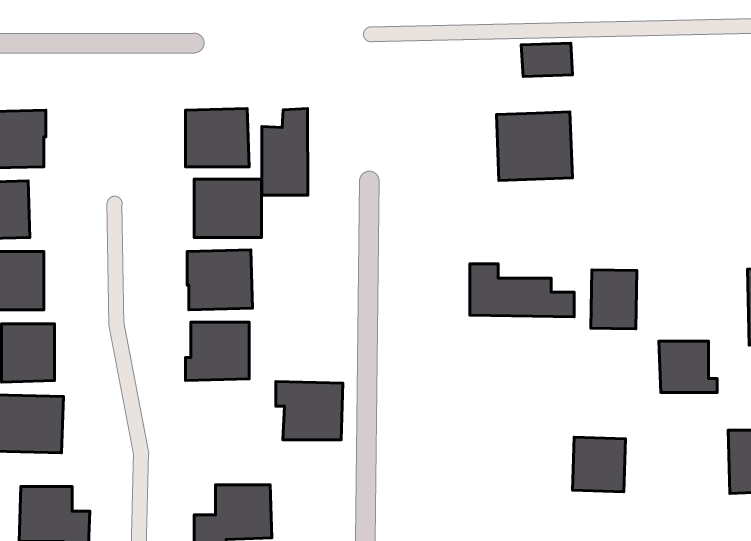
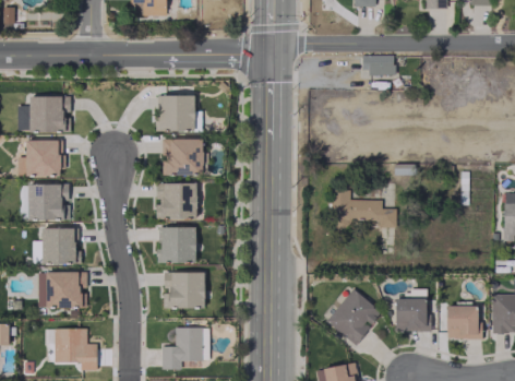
building: [262,109,308,195] -> none
building: [497,112,572,180] -> none
building: [591,270,637,329] -> none
building: [659,341,717,393] -> [446,307,482,338]
building: [276,381,343,440] -> [164,272,205,308]
building: none -> [326,288,382,345]

